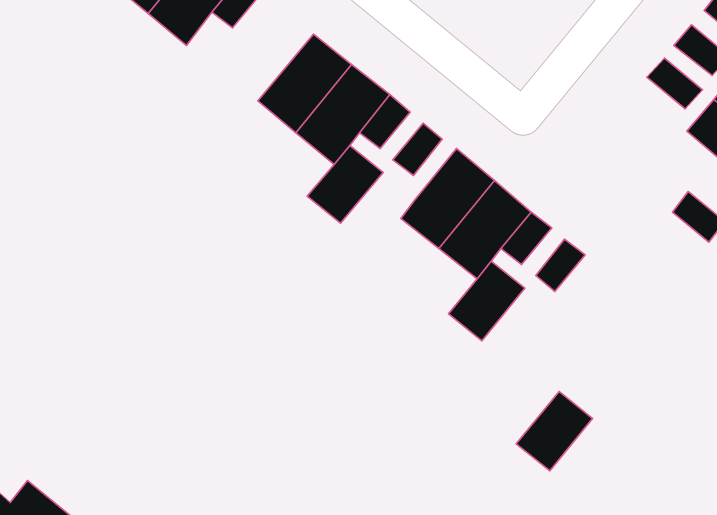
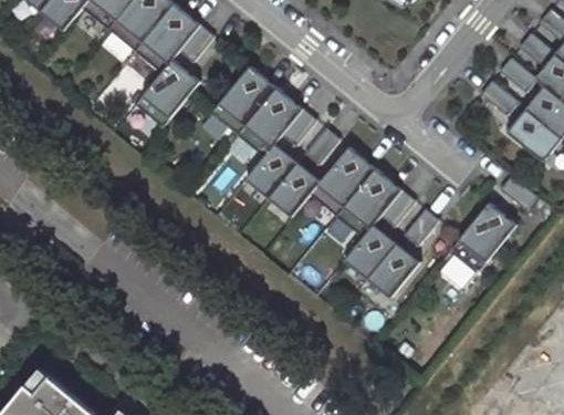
building: none -> [142,60,198,118]
building: none -> [268,163,320,217]
building: none -> [450,203,519,273]
building: [516,392,593,471] -> [366,243,419,299]

